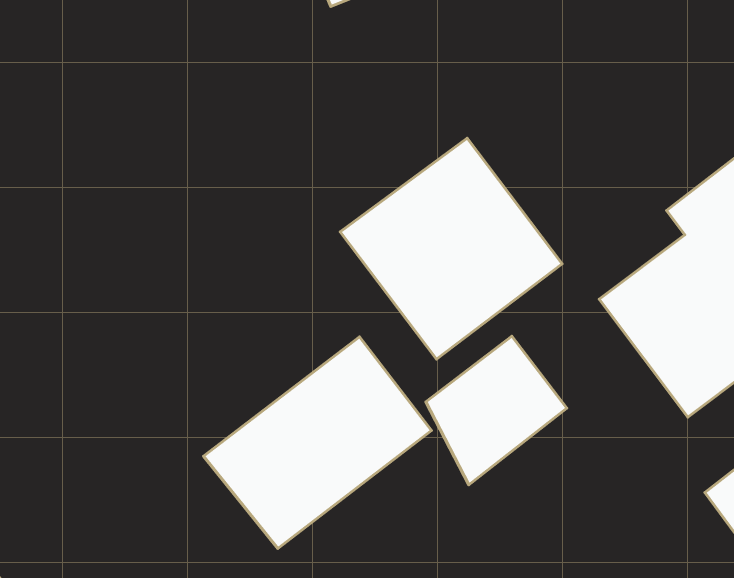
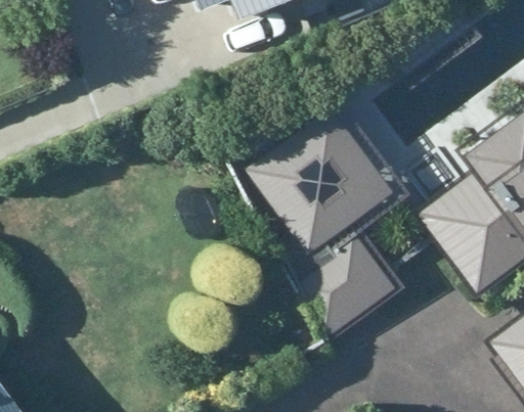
building: [204,337,432,549] -> none

